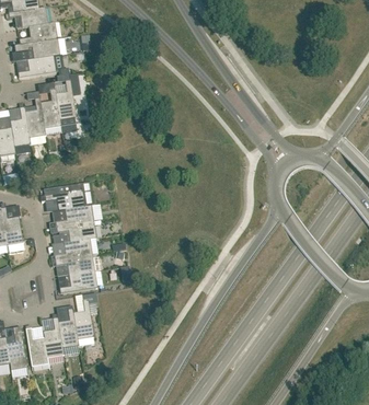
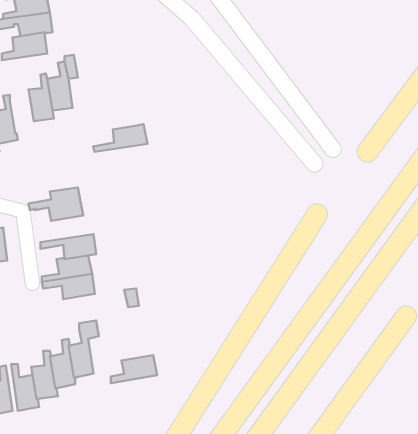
building: [25,97,46,138] -> none
building: [49,205,94,228] -> [93,124,148,152]
building: [60,270,99,293] -> [111,355,157,383]

